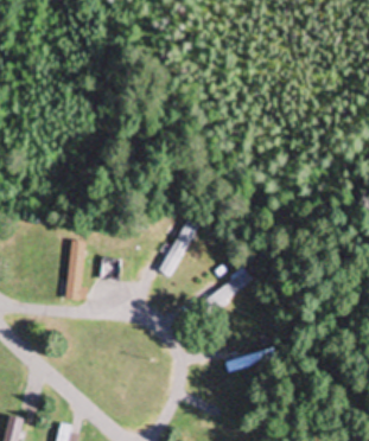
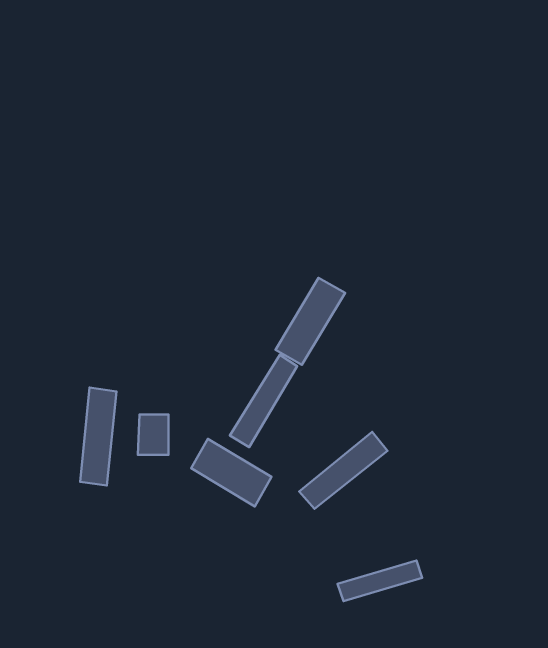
building: none -> [275,278,345,365]
building: none -> [191,439,271,506]

